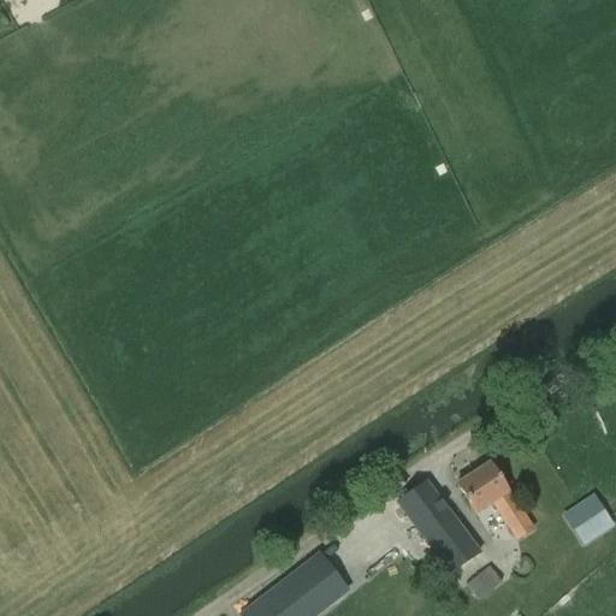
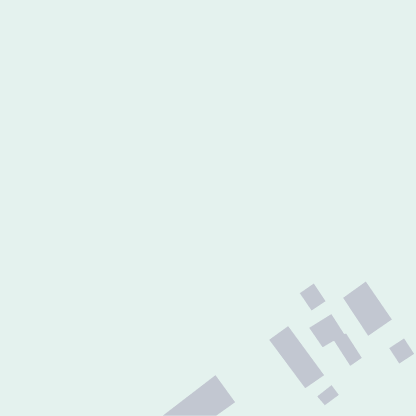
building: none -> [342,280,393,337]
building: none -> [299,283,326,312]

